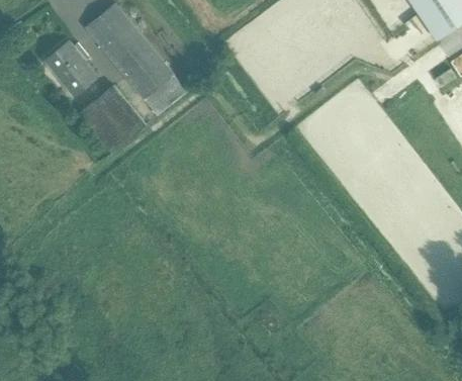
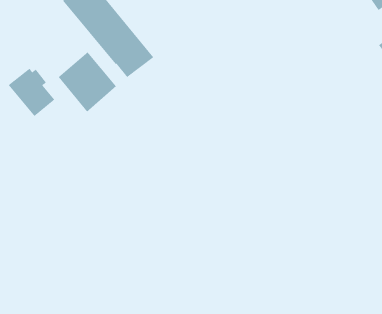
building: [44,41,97,96] -> [8,68,55,117]

